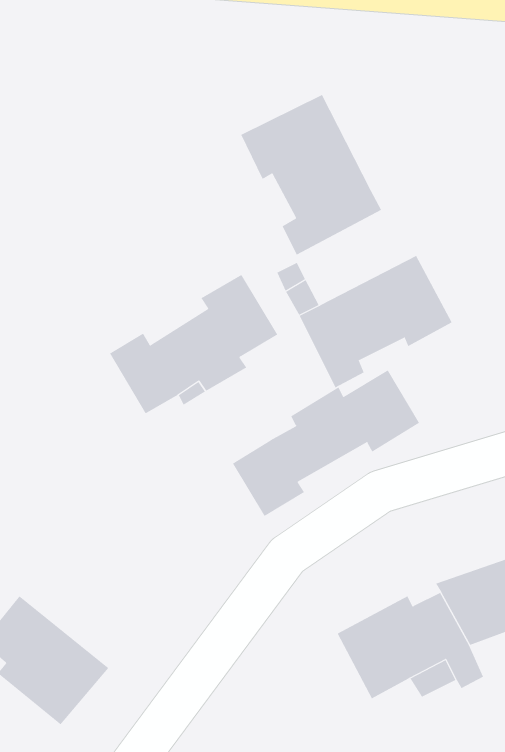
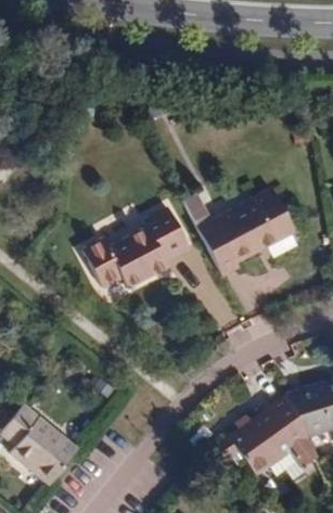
building: [241,94,382,255] -> none
building: [232,369,420,517] -> none

